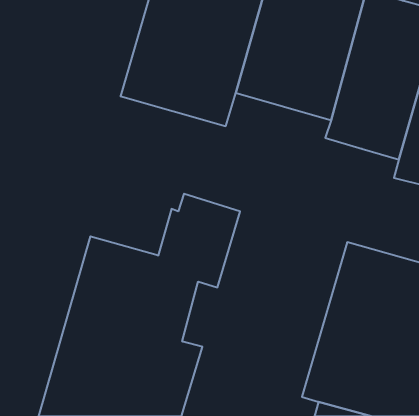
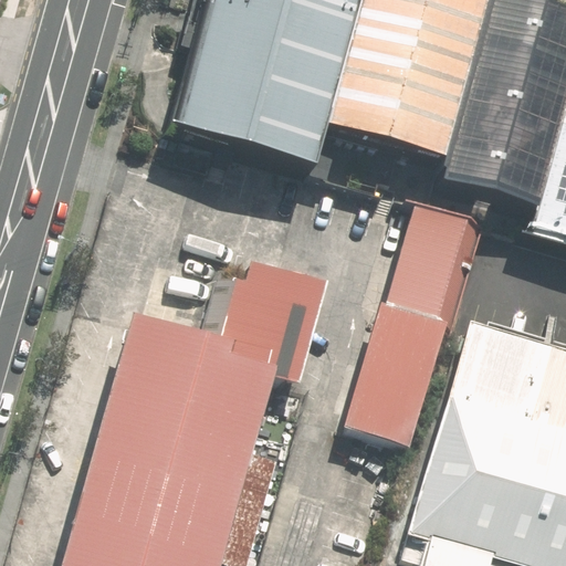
building: none -> [348,201,486,440]

